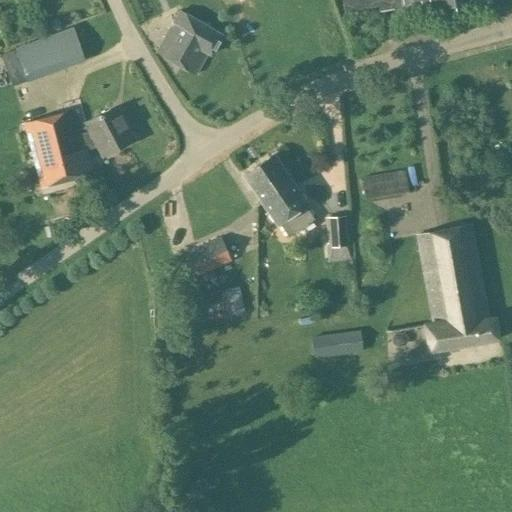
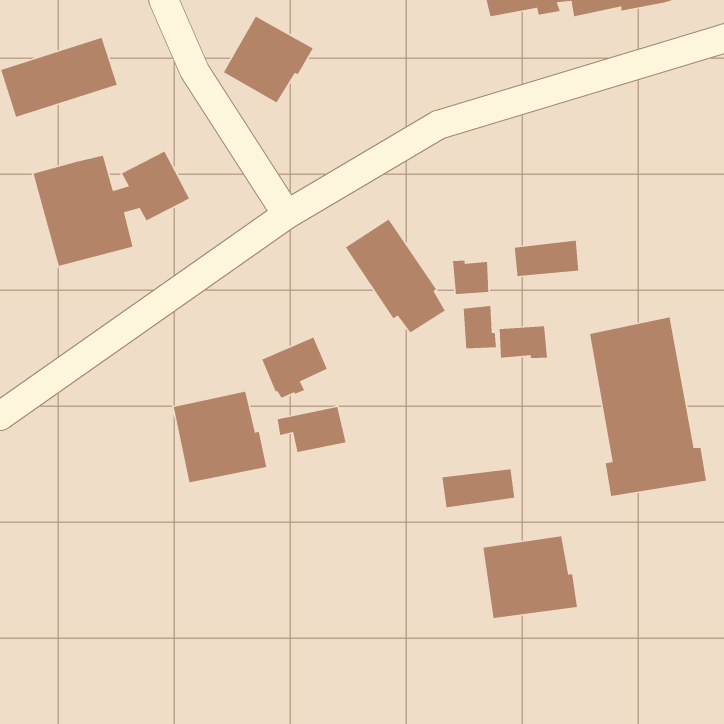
building: none -> [452,260,489,295]
building: none -> [499,325,548,359]
building: none -> [173,391,267,483]
building: none -> [483,536,578,619]

